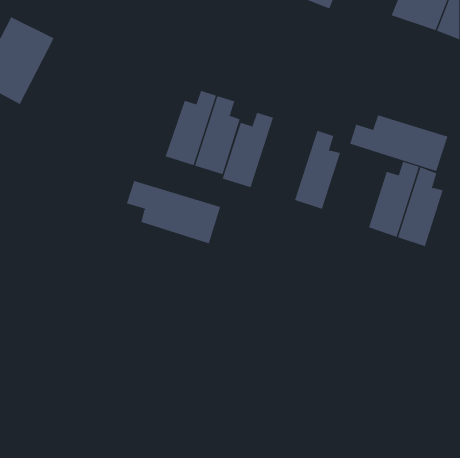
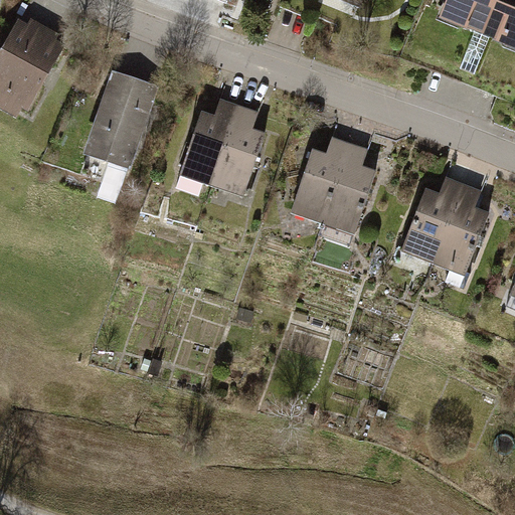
building: none -> [78,70,150,197]
building: [222,112,274,188] -> [293,138,350,221]
building: [350,115,448,172] -> none
building: [126,180,221,244] -> none

